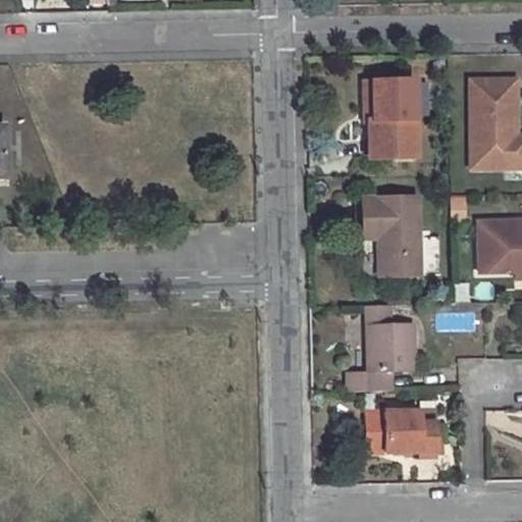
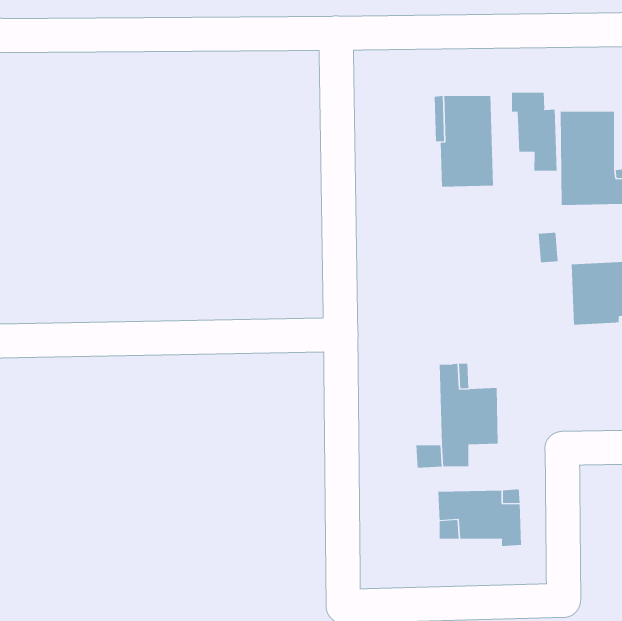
building: none -> [511,92,557,171]
building: [362,195,429,274] -> none

